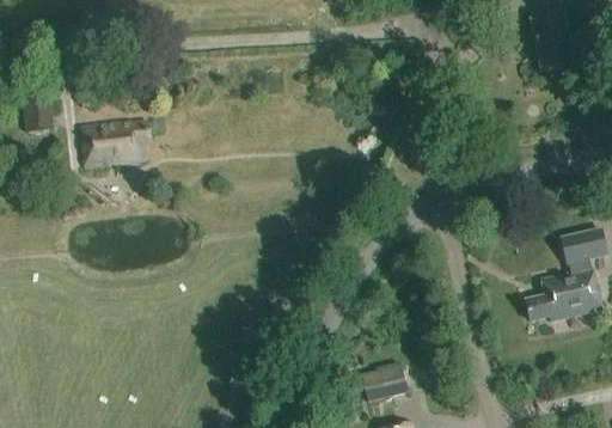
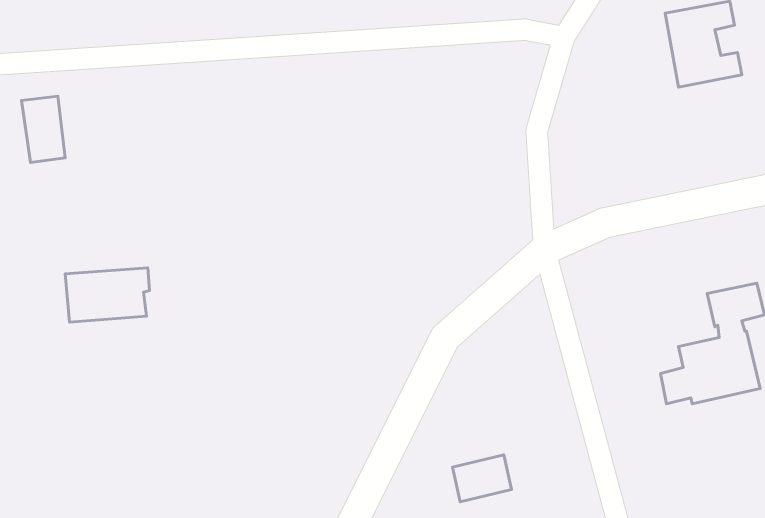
building: [82,122,149,165] -> [65,268,149,322]

